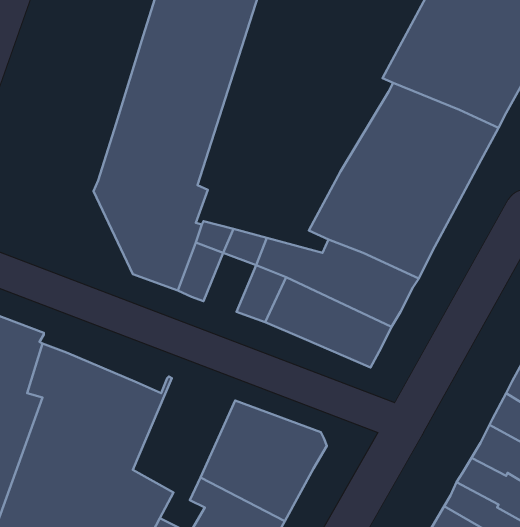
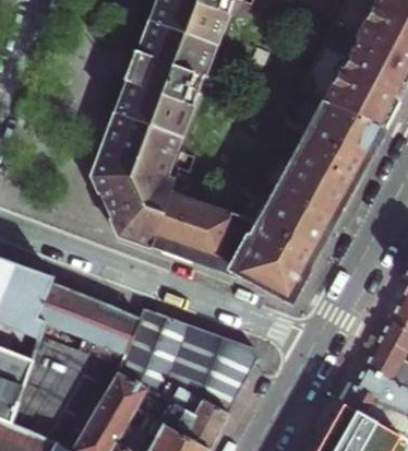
building: none -> [172,219,211,262]
building: none -> [121,310,195,399]

